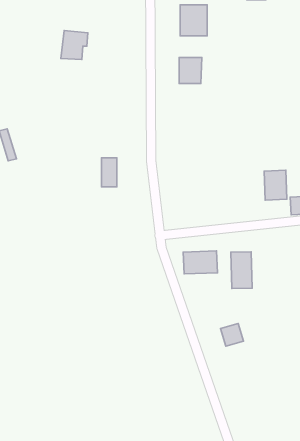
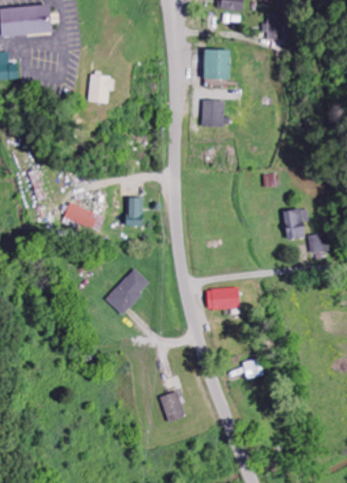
building: none -> [64,203,99,229]
building: none -> [105,269,150,315]
building: [231,252,252,289] -> none
building: none -> [159,392,185,423]

